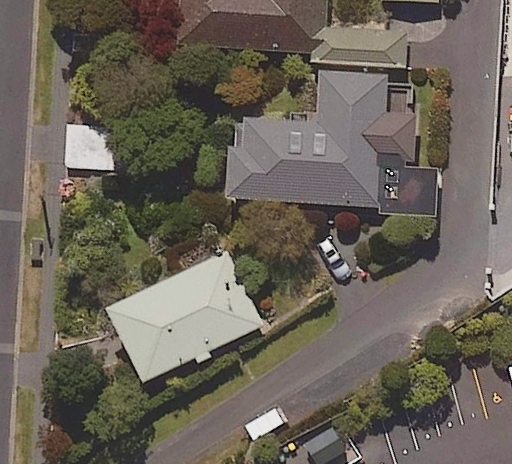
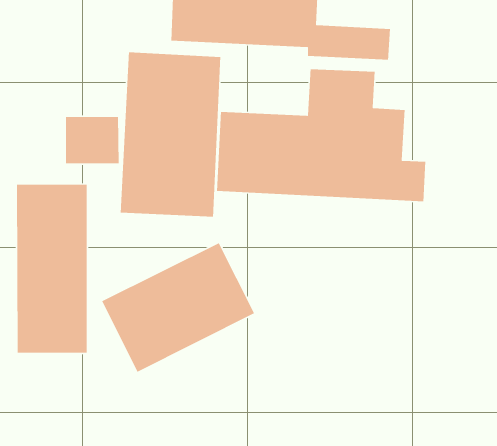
building: none -> [120,51,221,218]
building: none -> [16,184,87,354]

